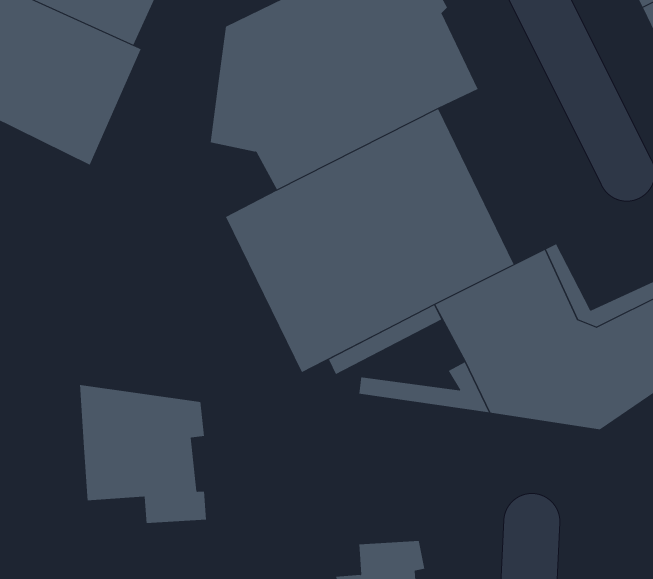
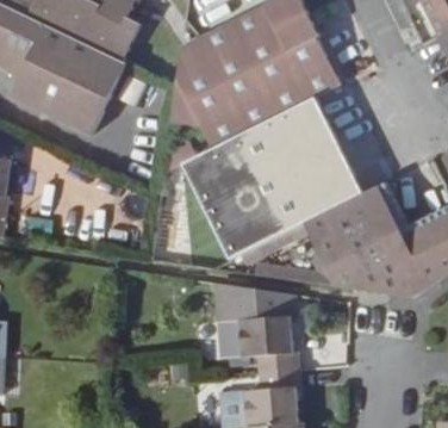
building: [79,385,207,524] -> [220,284,300,371]

